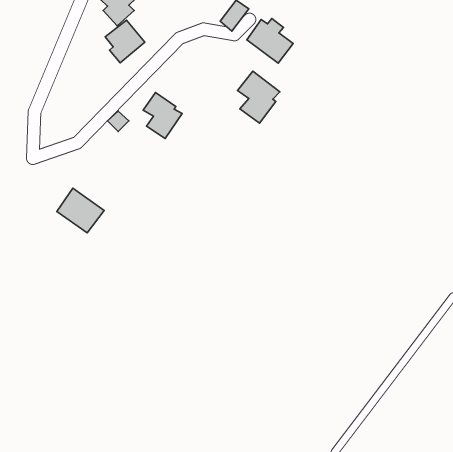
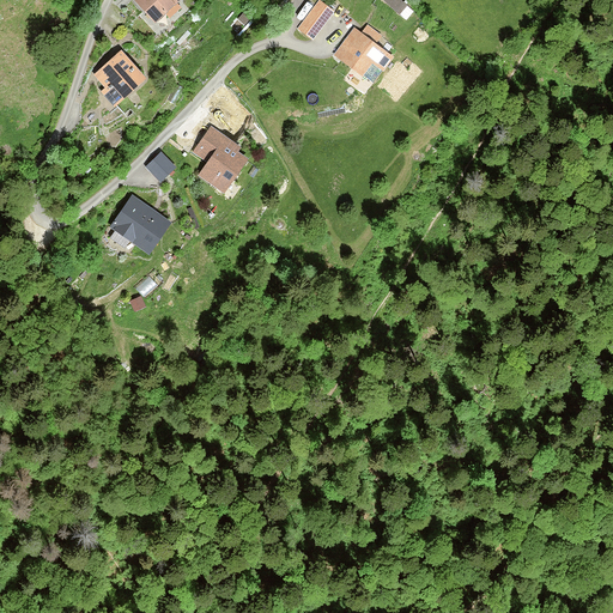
building: [105,20,145,63] -> [95,50,148,108]
building: [238,71,280,123] -> none
building: [57,188,104,233] -> [110,194,174,254]

